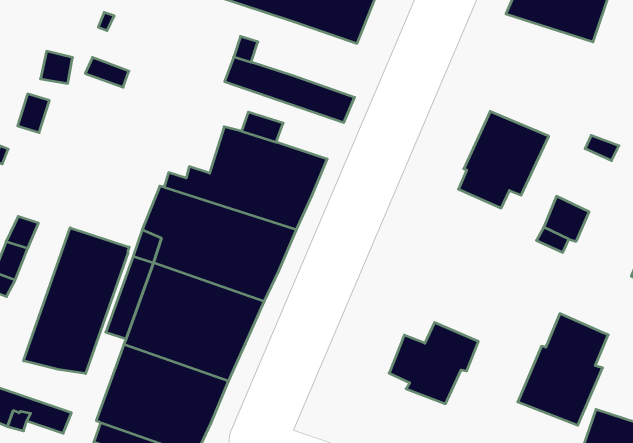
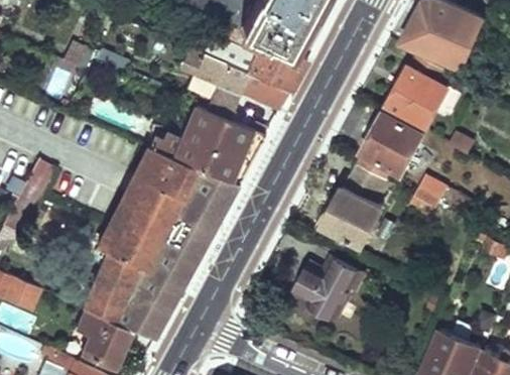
building: none -> [243,35,305,93]
building: none -> [385,53,448,128]
building: [24,228,129,374] -> none
building: [518,314,608,425] -> [321,164,389,245]

